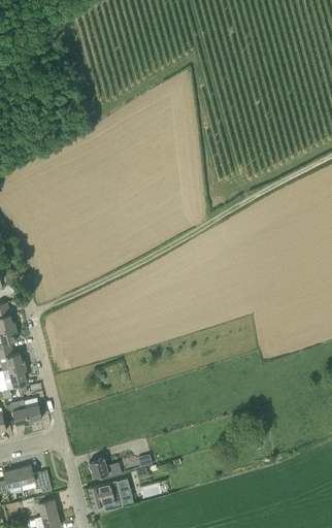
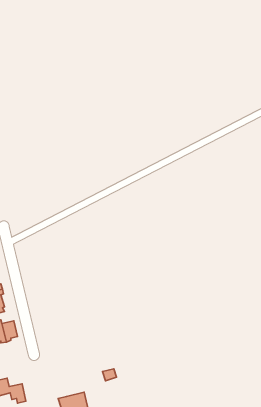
building: [89,458,122,480] -> none

